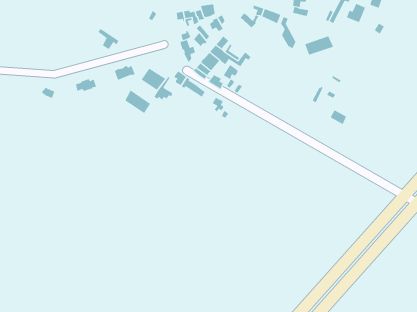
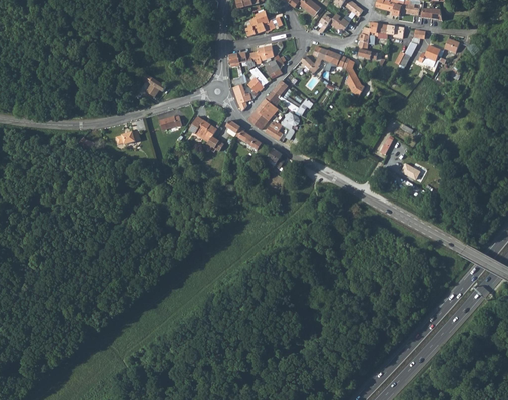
building: [305,36,334,55] -> none
building: [124,89,151,114] -> none

